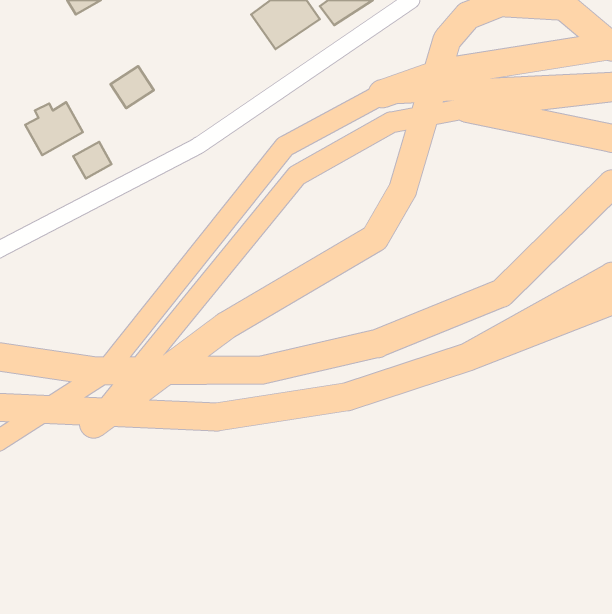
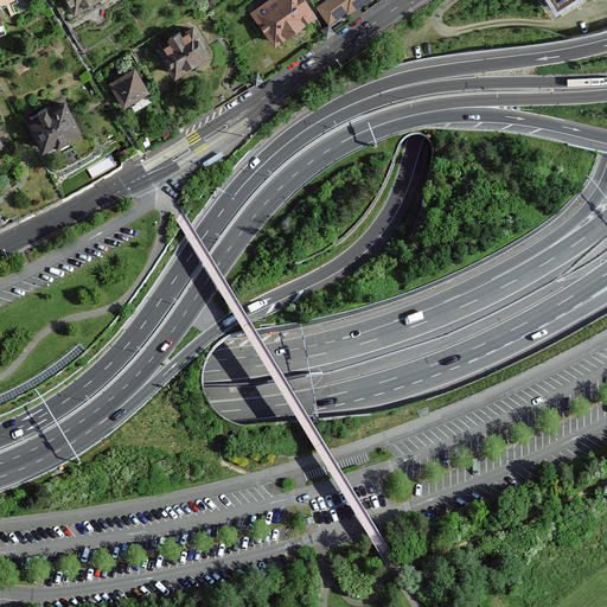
building: none -> [159,26,212,77]
building: [73,142,112,179] -> none

